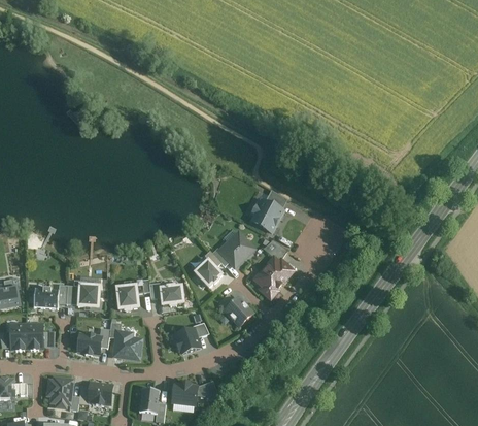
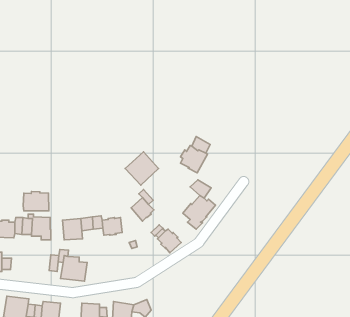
building: [216,231,255,270] -> [125,152,159,185]
building: none -> [23,192,49,211]
building: [174,324,202,353] -> none
building: [76,332,99,354] -> none

